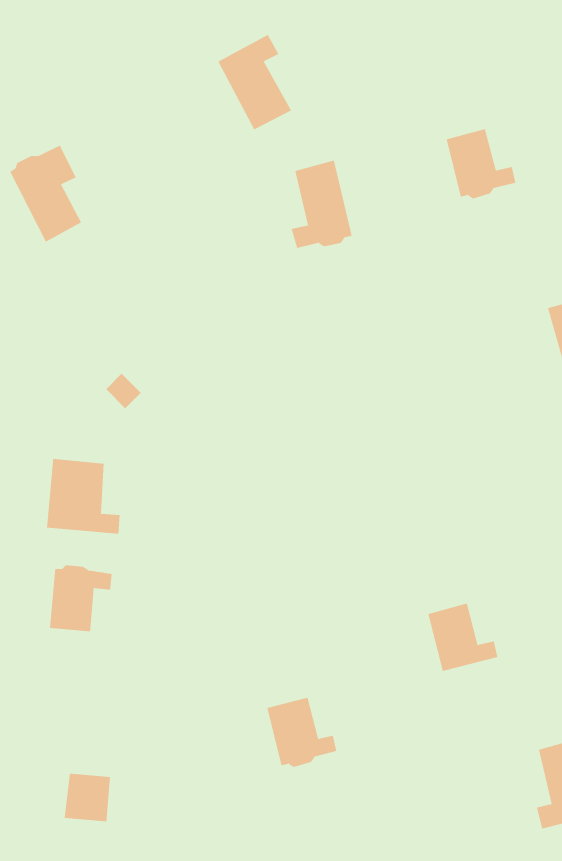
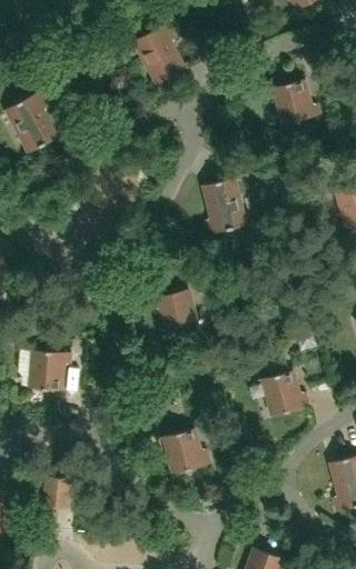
building: [291,160,352,249] -> [204,179,241,233]
building: [47,458,120,535] -> none
building: none -> [150,289,194,332]

